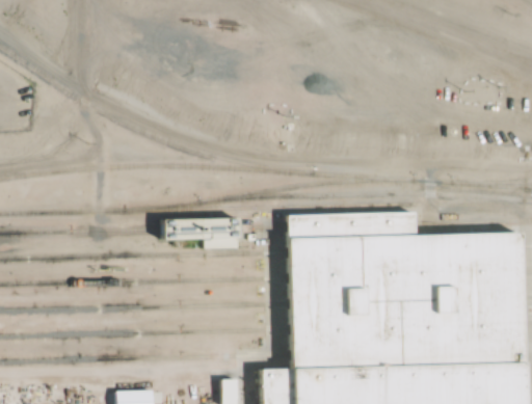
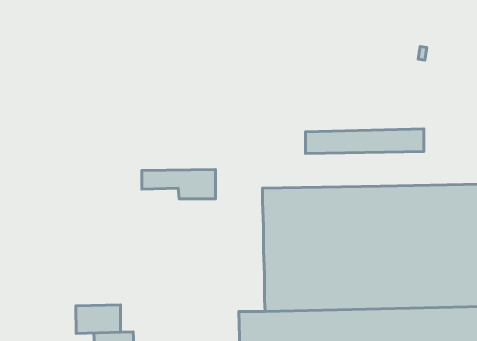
building: [293,212,419,238] -> [305,129,424,153]
building: none -> [76,305,121,333]

